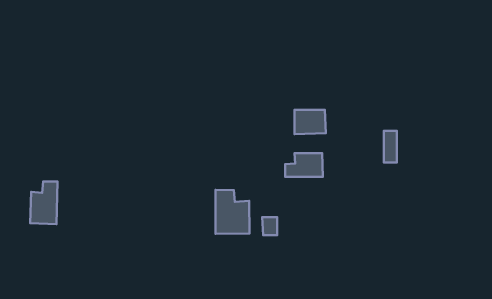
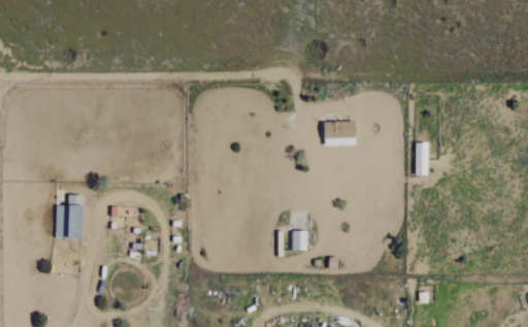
building: [285,153,323,177] -> none
building: [215,190,250,234] -> none

